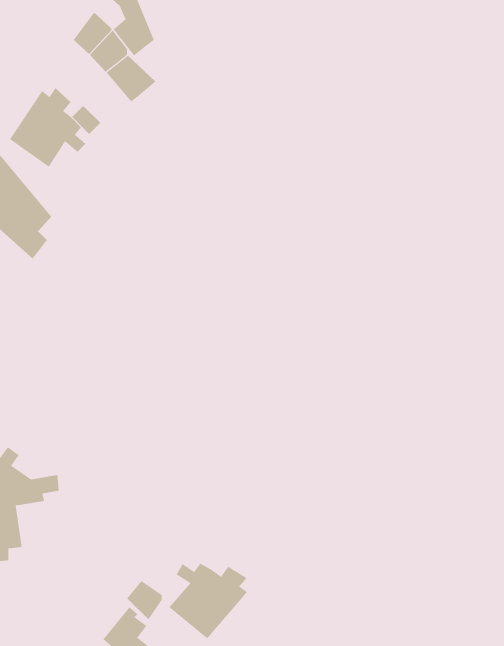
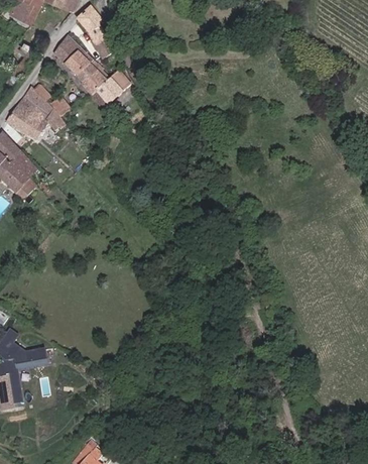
building: none -> [97,71,133,105]
building: [168,563,248,639] -> none
building: [126,580,162,620] -> none

